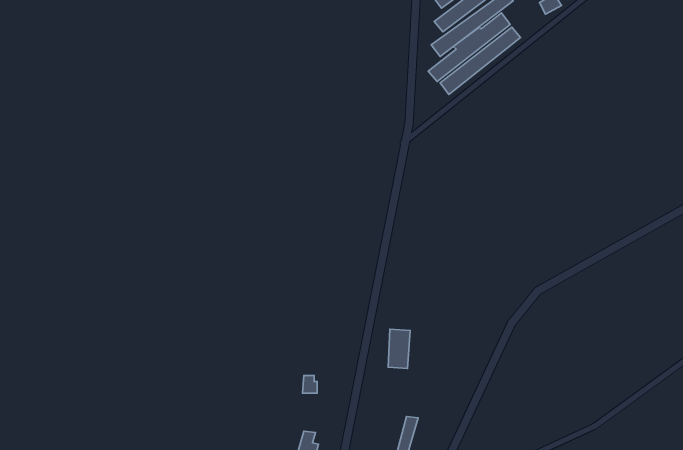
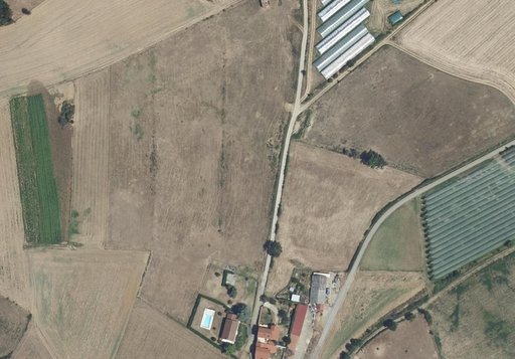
building: [388,329,410,369] -> [311,274,326,301]

